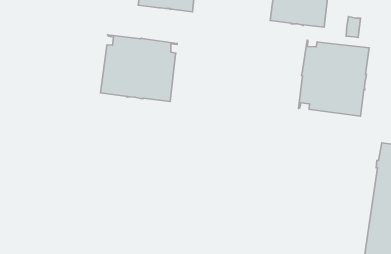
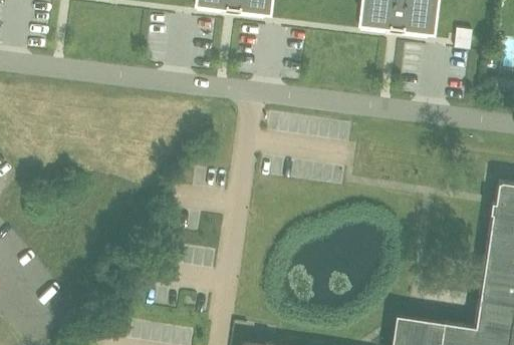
building: [100,35,177,102] -> none
building: [299,40,369,116] -> none

